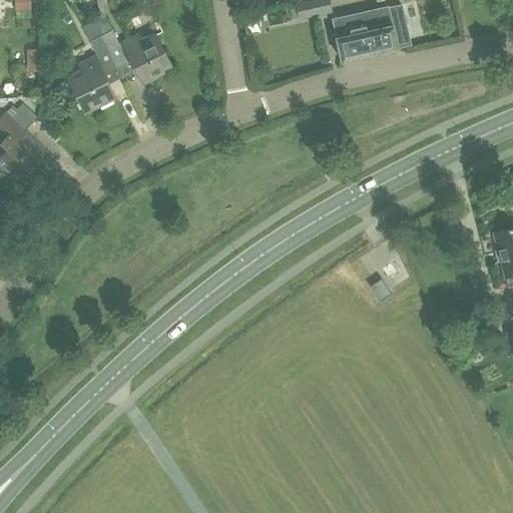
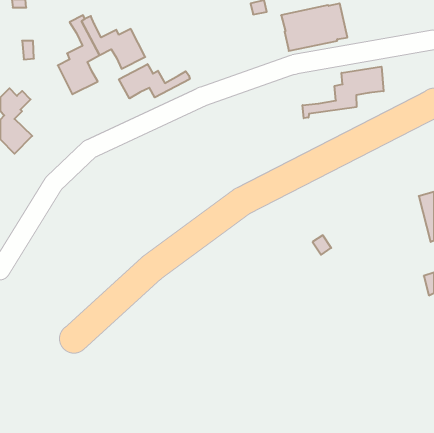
building: none -> [119,64,190,98]
building: none -> [303,67,384,118]

